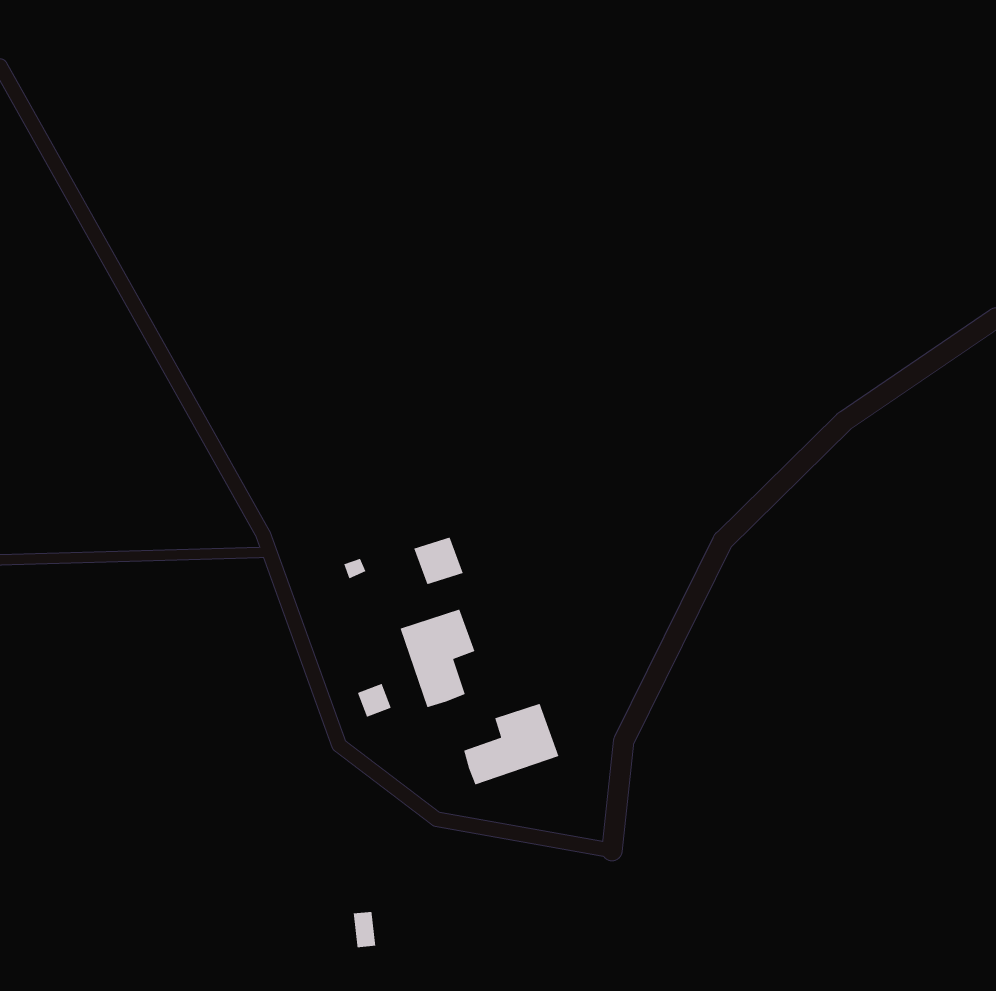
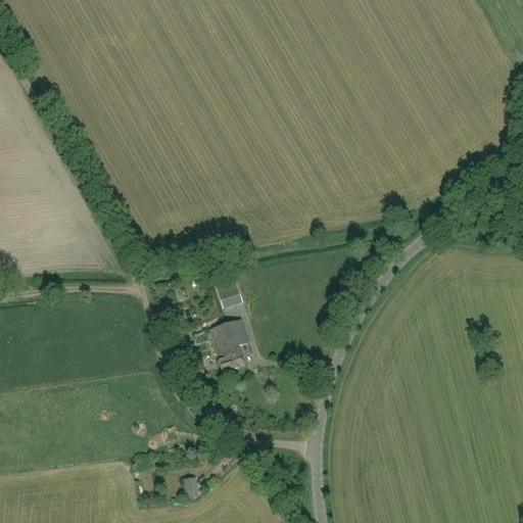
building: [463,703,560,785] -> none

